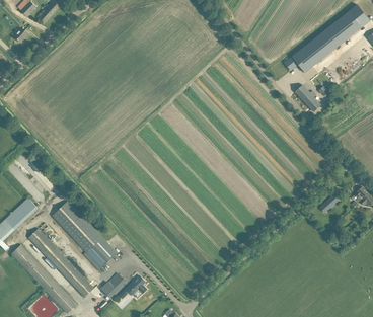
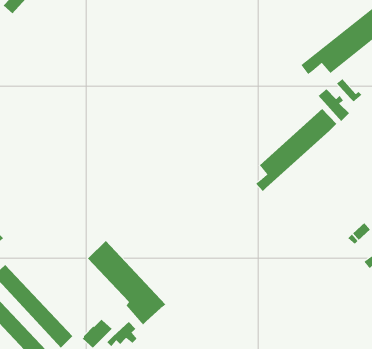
building: none -> [255,108,337,192]
building: [52,201,117,270] -> [87,240,166,325]

